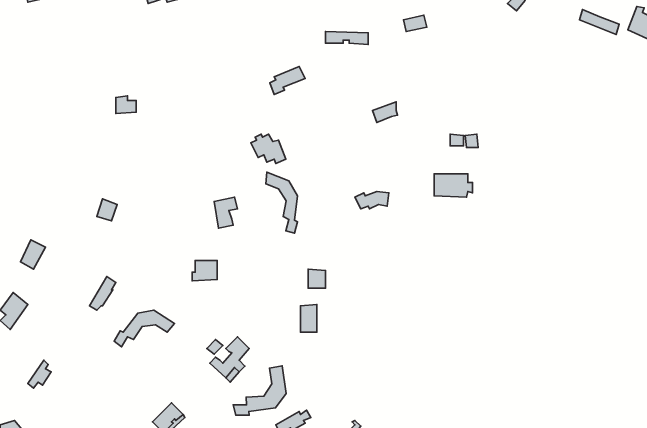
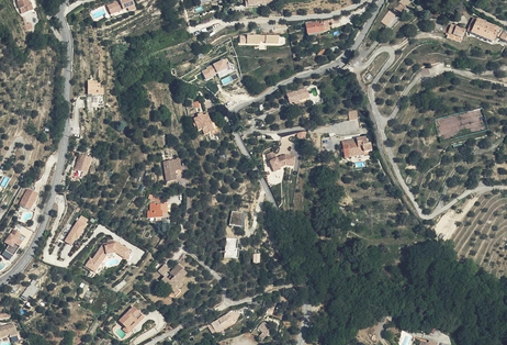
building: [266,172,298,233] -> none
building: [233,366,286,415] -> none

